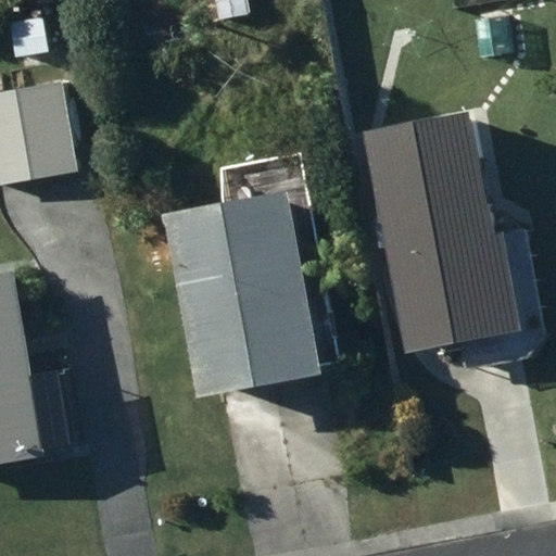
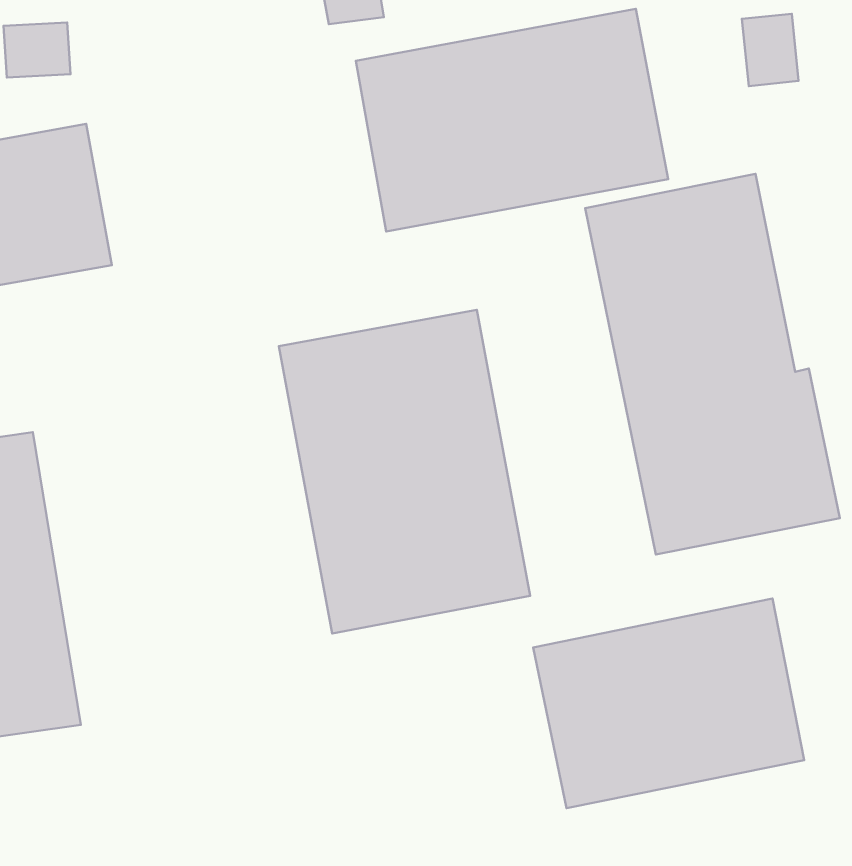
building: none -> [356,9,668,232]
building: none -> [533,599,804,808]

